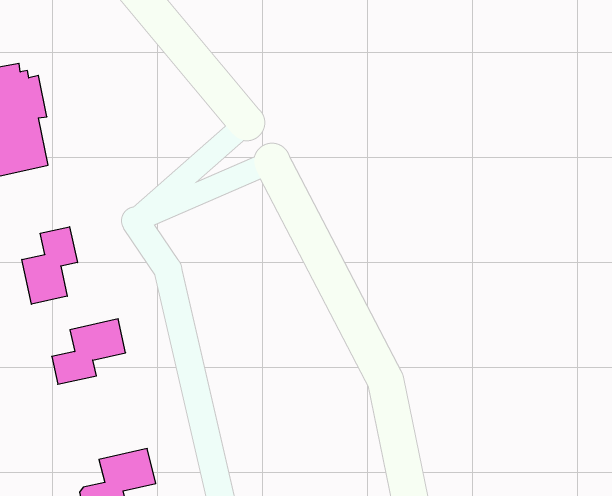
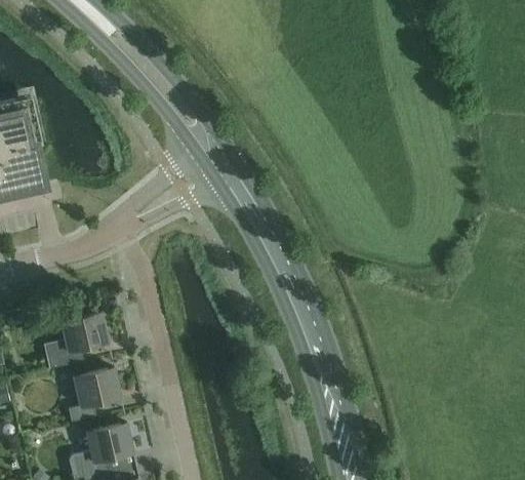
building: [22,227,77,304] -> none
building: none -> [68,368,120,423]

